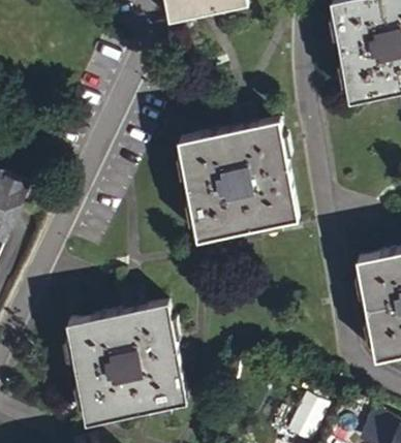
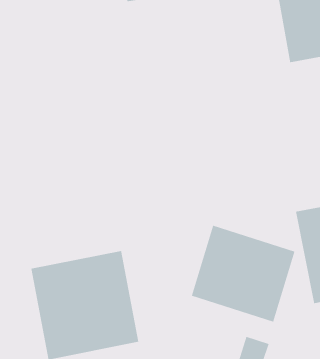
building: [179,121,294,236] -> none
building: none -> [191,225,295,323]

